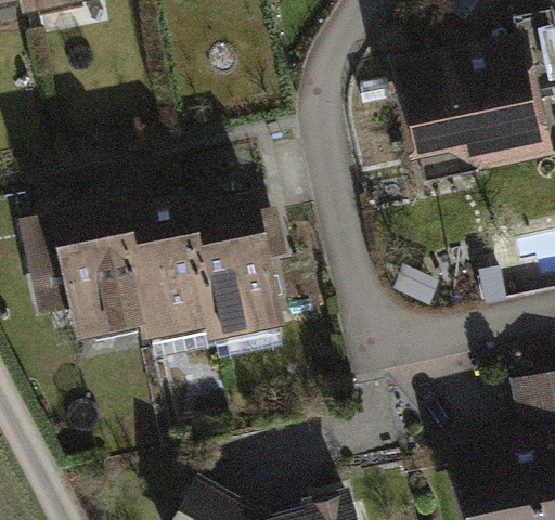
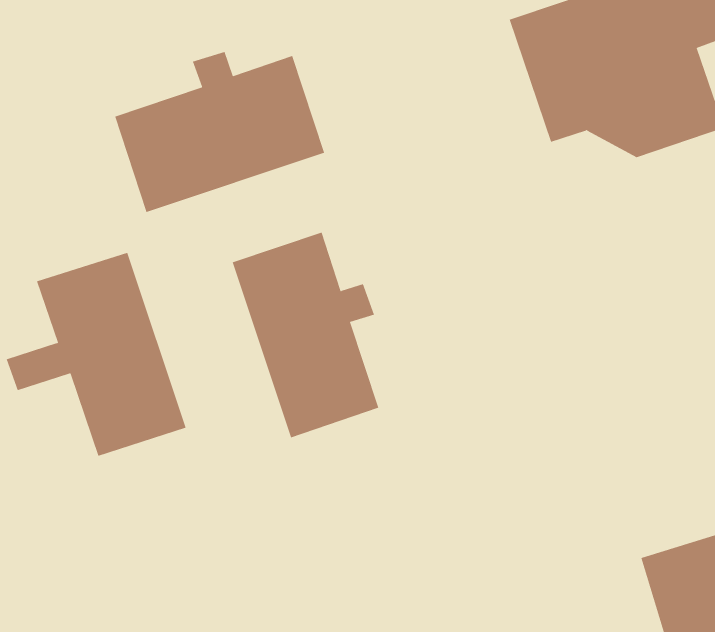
building: none -> [115,51,325,213]
building: [125,199,217,340] -> none

